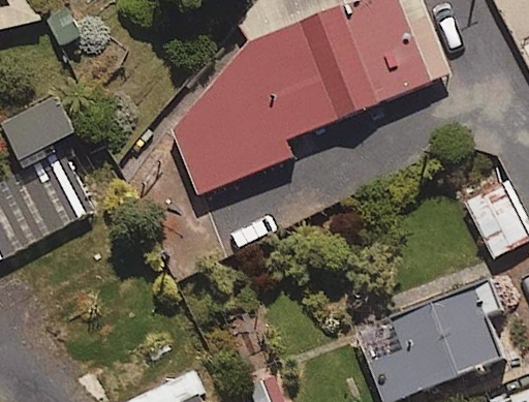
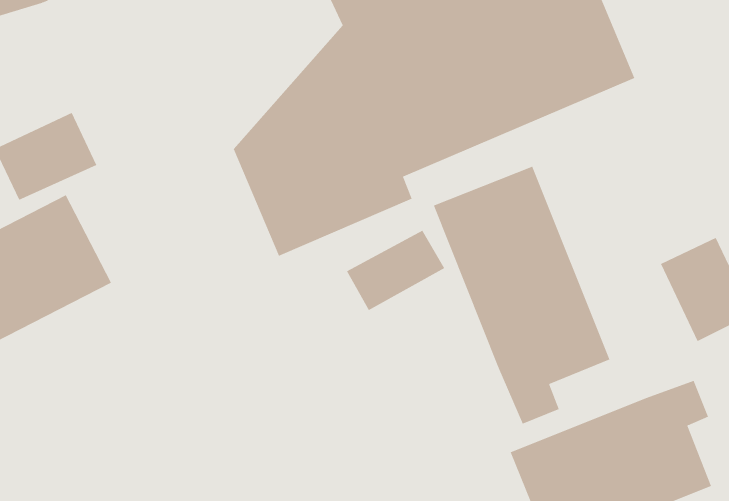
building: none -> [433,166,610,424]

